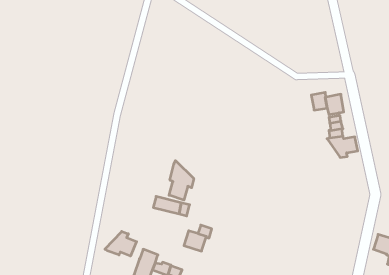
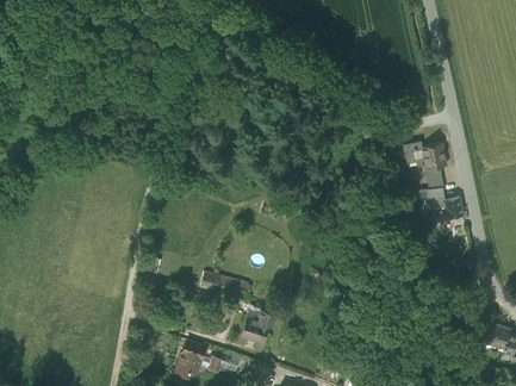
building: [169,161,194,200] -> none
building: [105,231,137,256] -> none

